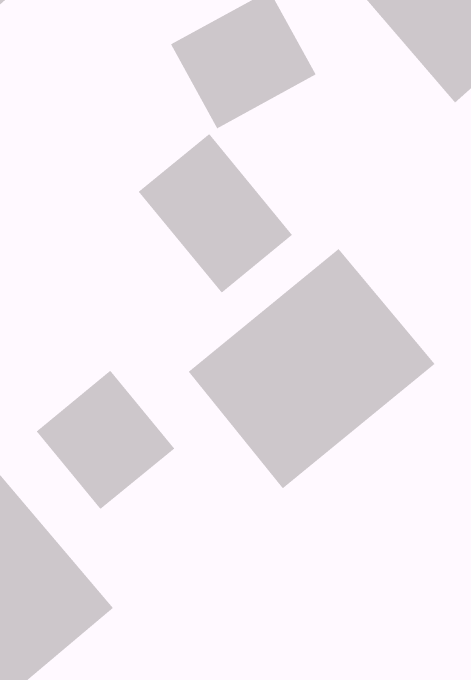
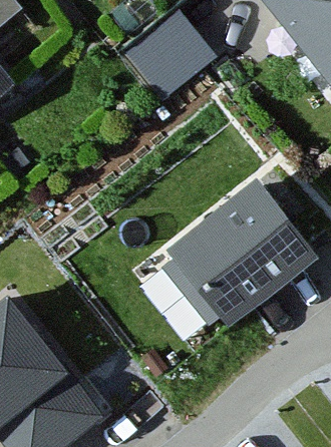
building: [138,133,293,294] -> none
building: [36,370,175,510] -> none

